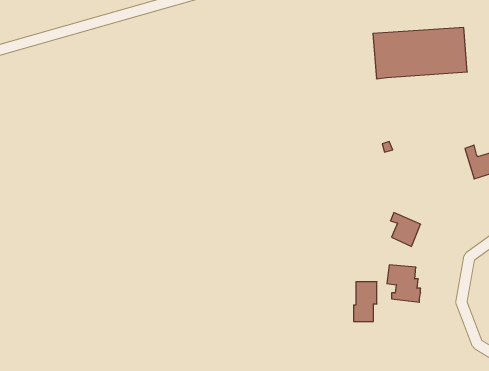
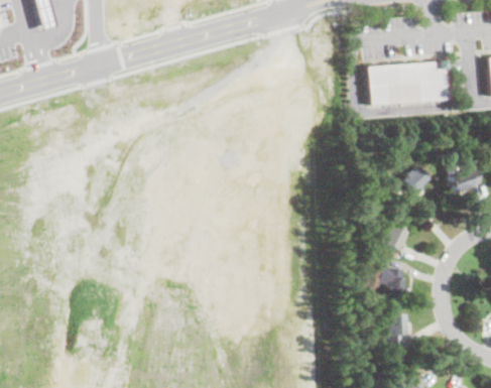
building: none -> [404,166,431,192]
building: [354,282,377,321] -> [387,314,407,349]

